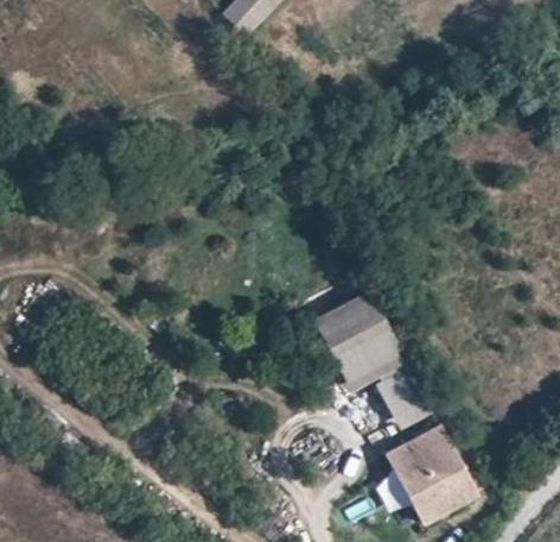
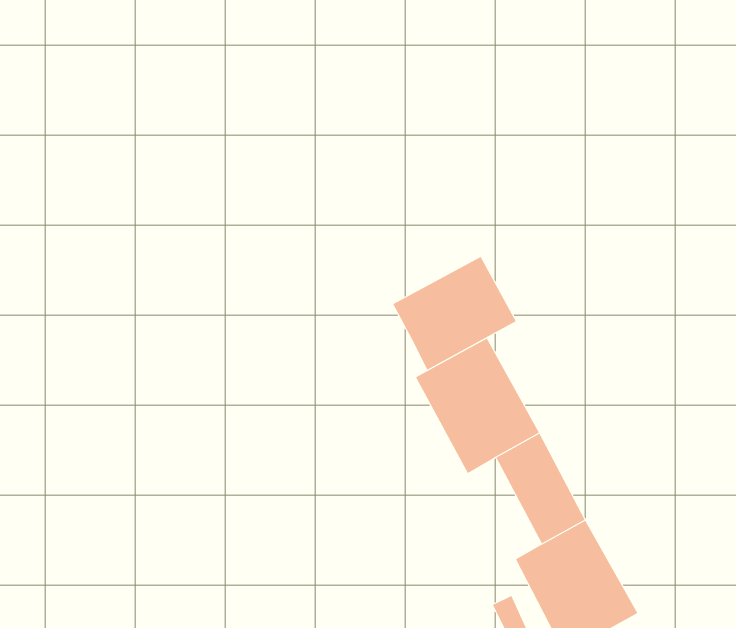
building: none -> [392,256,517,371]

